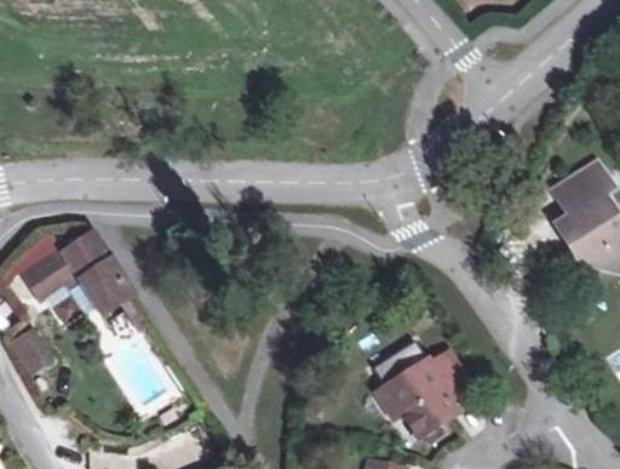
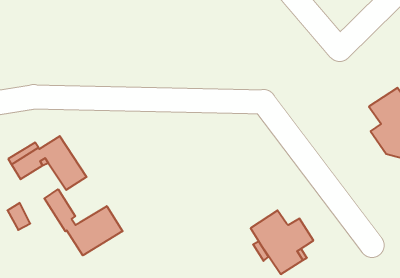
building: none -> [44,189,123,255]

